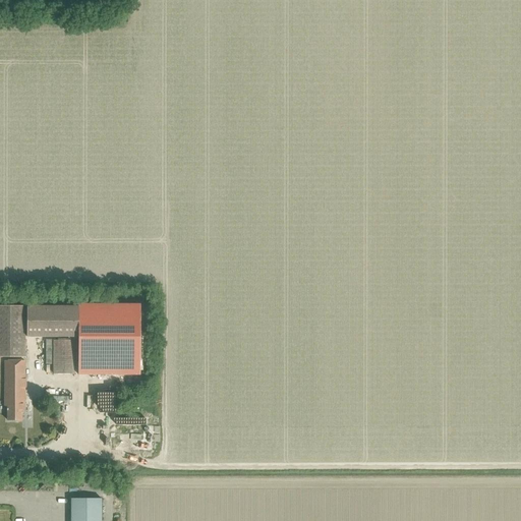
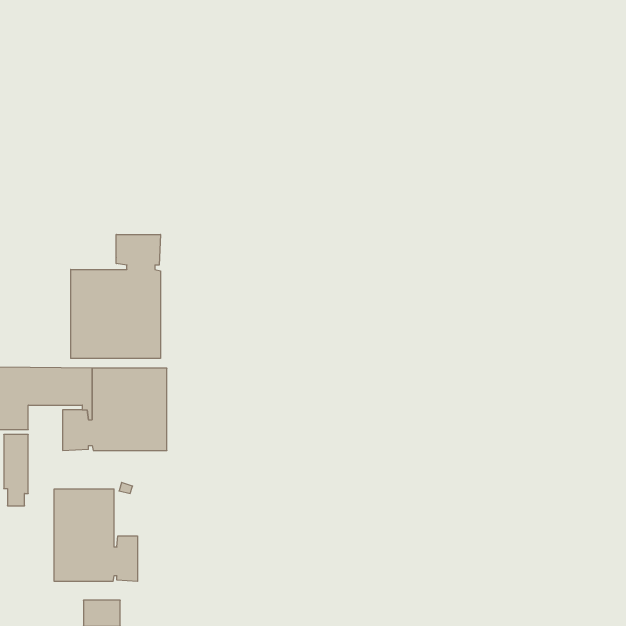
building: none -> [71,234,160,358]
building: none -> [54,489,137,581]

